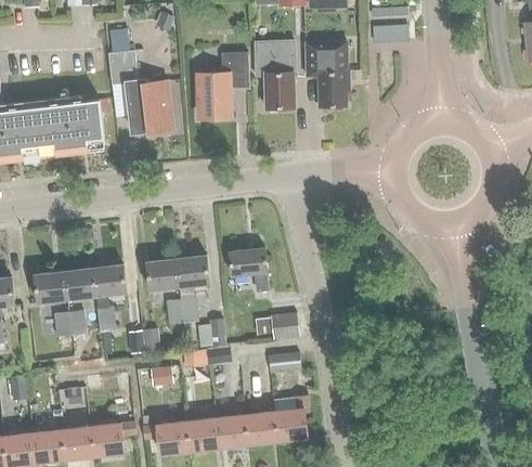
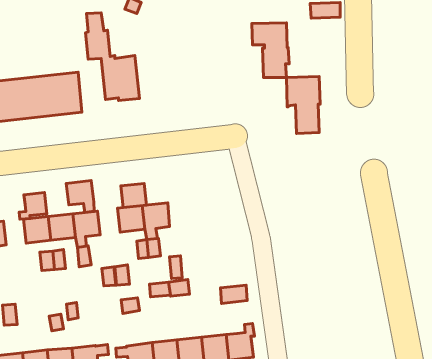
building: [254,41,294,108] -> [286,77,320,133]
building: [195,51,248,118] -> none
building: none -> [66,181,94,212]
building: none -> [121,183,147,208]
building: none -> [19,193,47,219]
building: [228,248,268,290] -> none
building: [269,312,299,340] -> none

